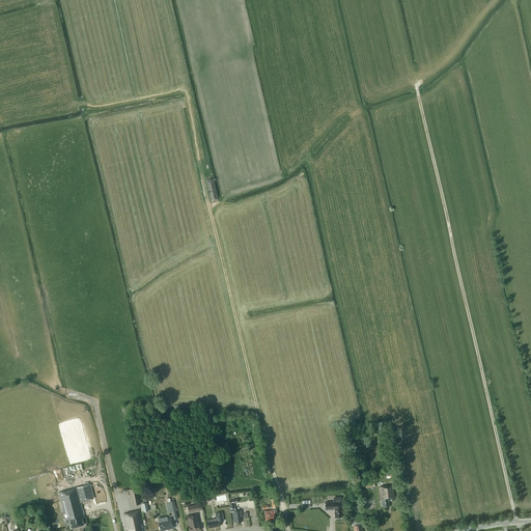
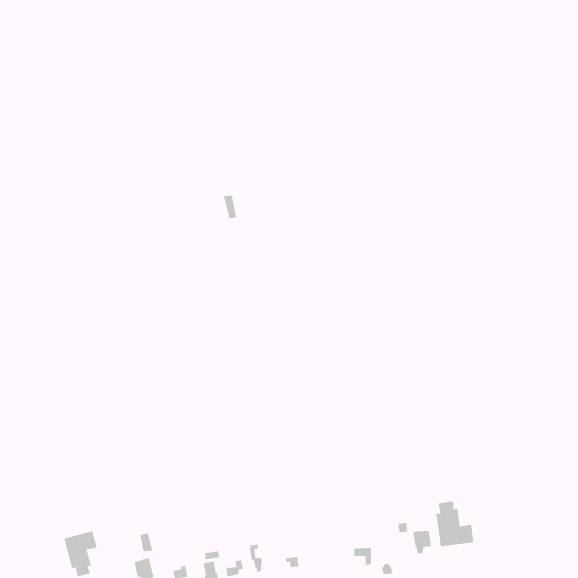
building: none -> [436,501,474,547]

